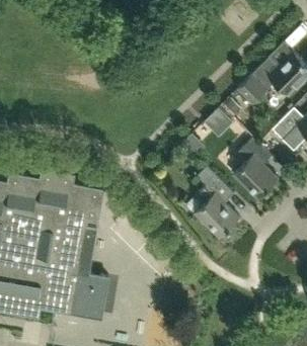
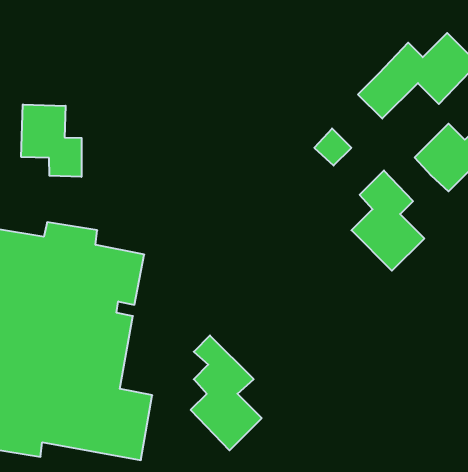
building: none -> [21,104,82,177]
building: [194,167,238,239] -> [191,335,262,450]

